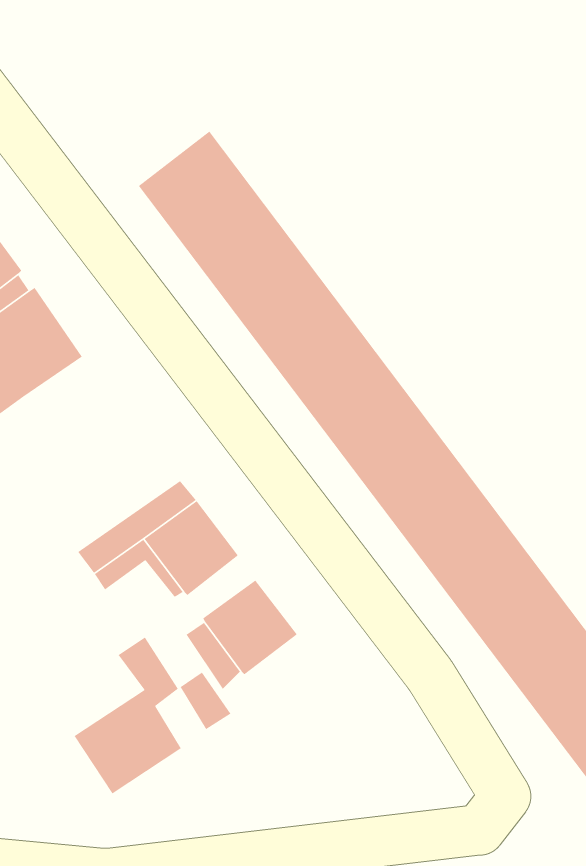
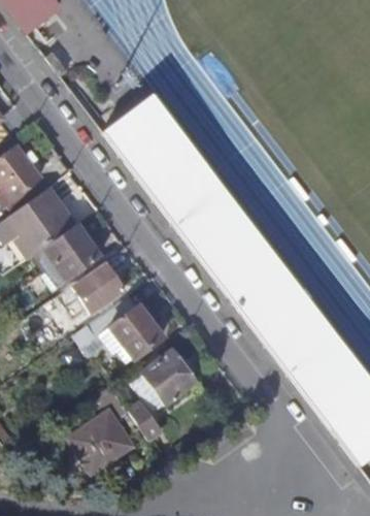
building: none -> [37,224,99,282]
building: none -> [73,261,124,311]

